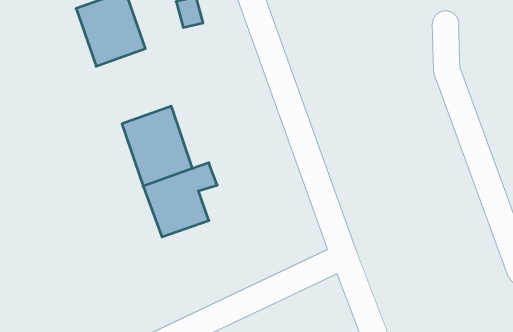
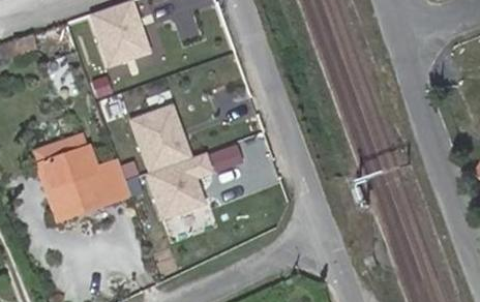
building: none -> [37,146,131,219]

